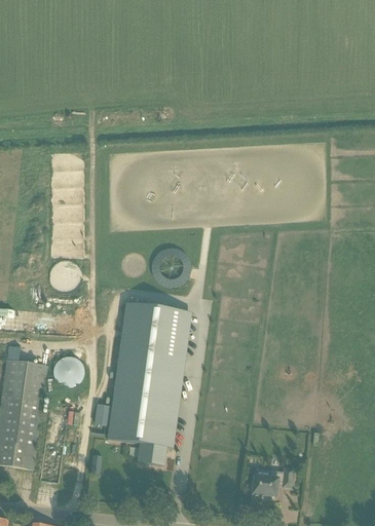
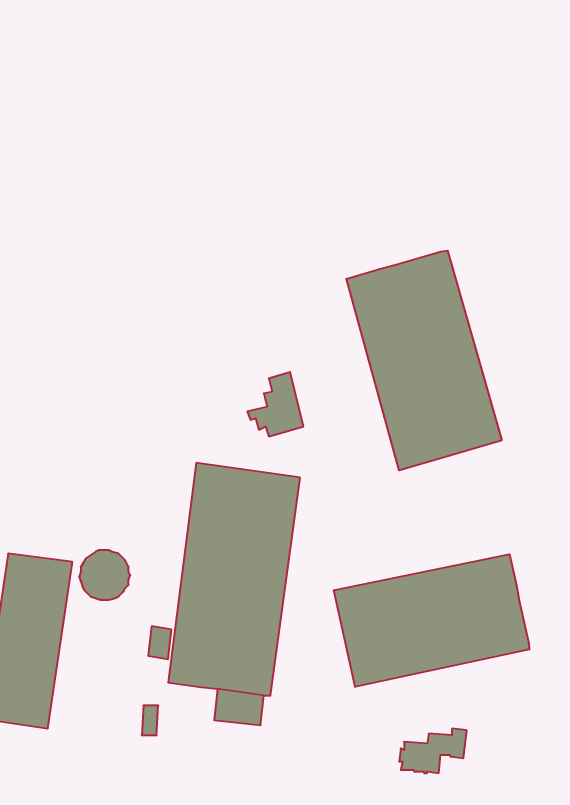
building: none -> [346,251,502,470]
building: none -> [334,554,529,687]

